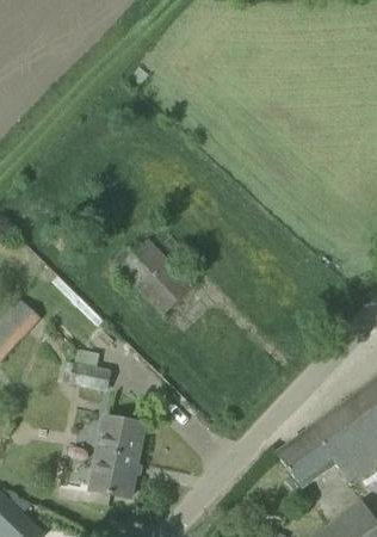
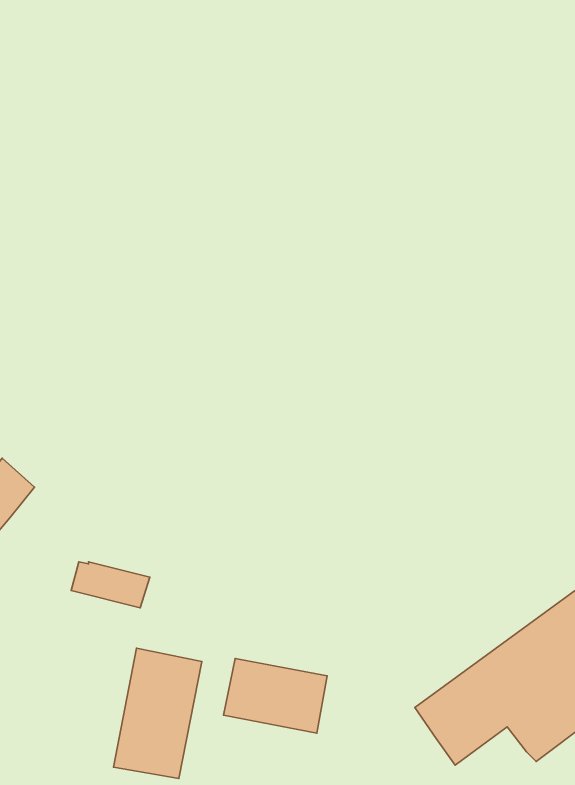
building: [113,239,192,311] -> none
building: none -> [223,658,327,733]

